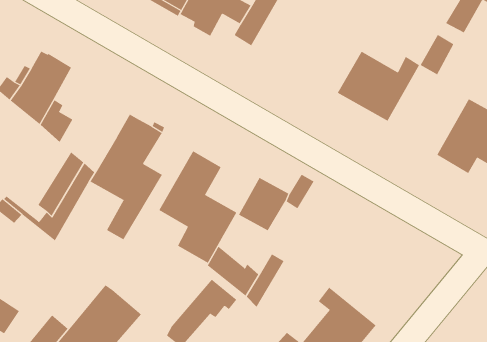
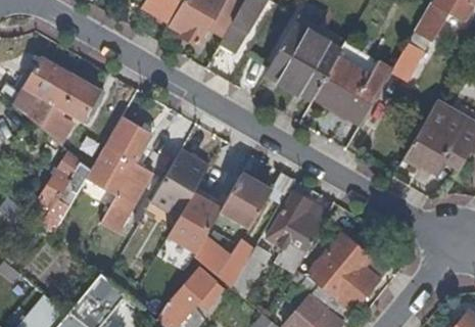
building: none -> [264,20,342,99]
building: none -> [53,73,105,123]
building: none -> [267,191,328,272]
building: none -> [307,233,378,311]

